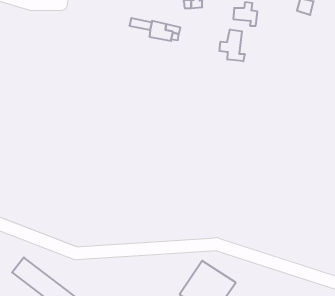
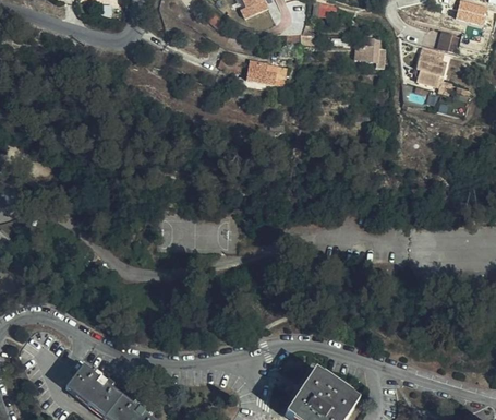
building: none -> [420,45,448,79]
building: [220,29,245,61] -> none

